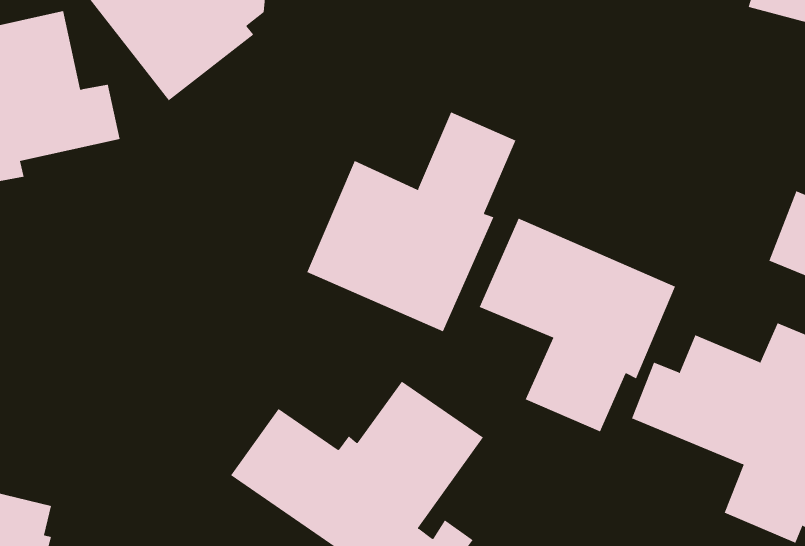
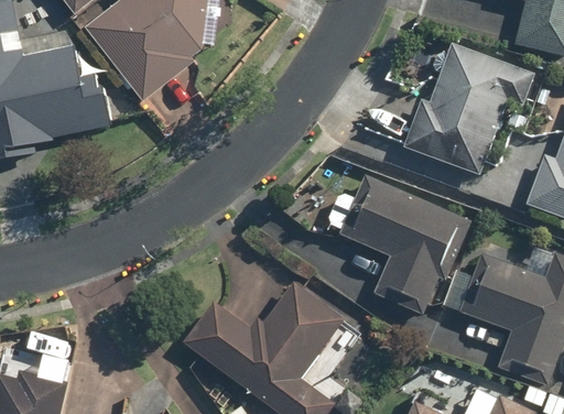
building: none -> [403,42,535,174]
building: [306,111,516,332] -> none

